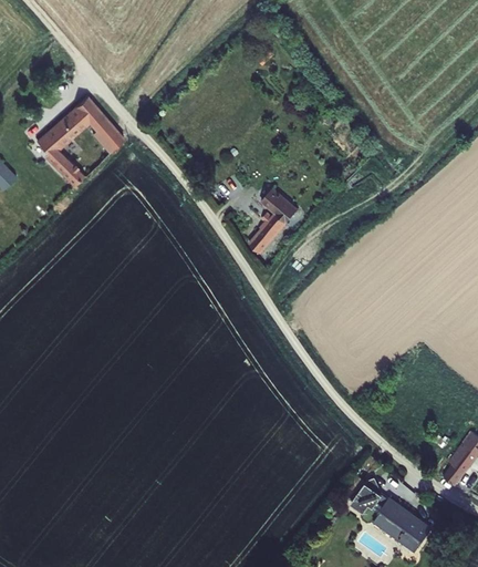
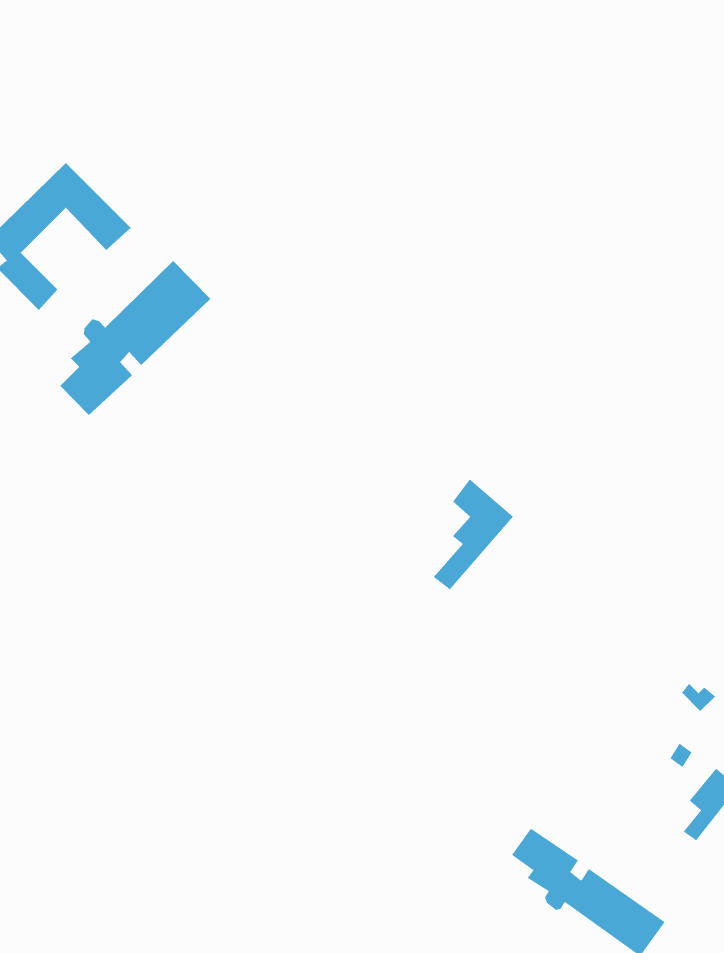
building: none -> [59,260,211,416]
building: [249,187,295,251] -> [433,478,514,590]

